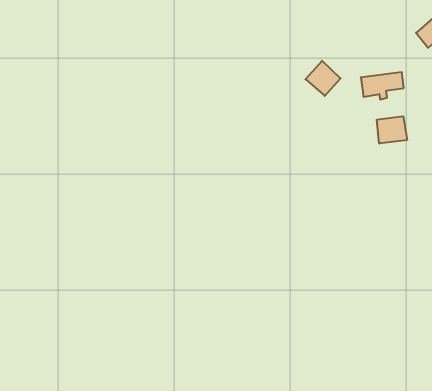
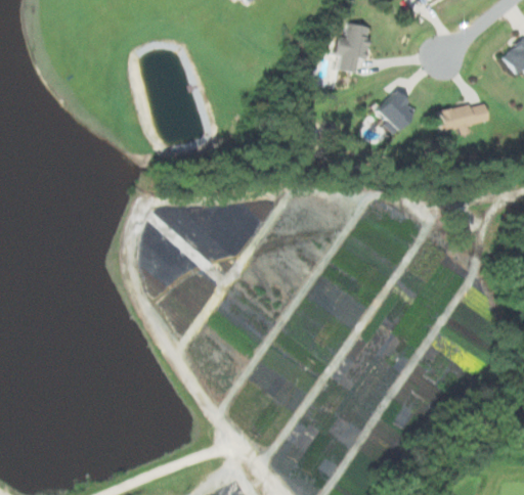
building: none -> [335,24,374,74]
building: [377,116,407,144] -> none

